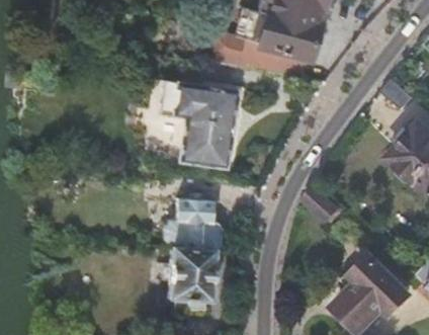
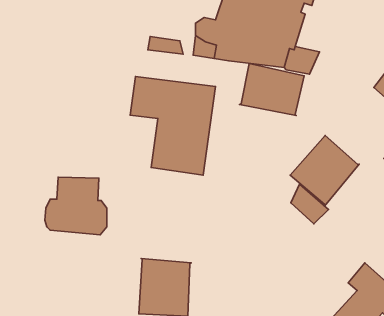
building: none -> [240,63,304,116]
building: none -> [290,135,359,206]
building: [165,199,222,252] -> [45,177,107,235]

